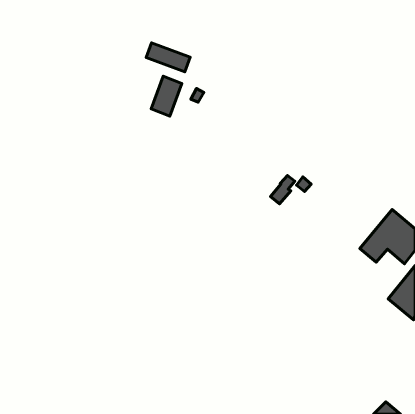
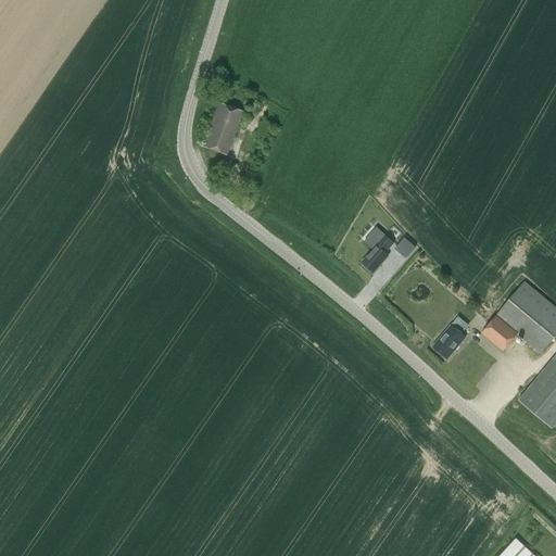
building: [146,43,190,72] -> none
building: none -> [433,325,466,358]

